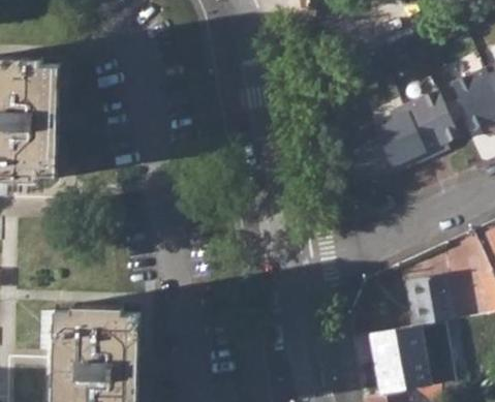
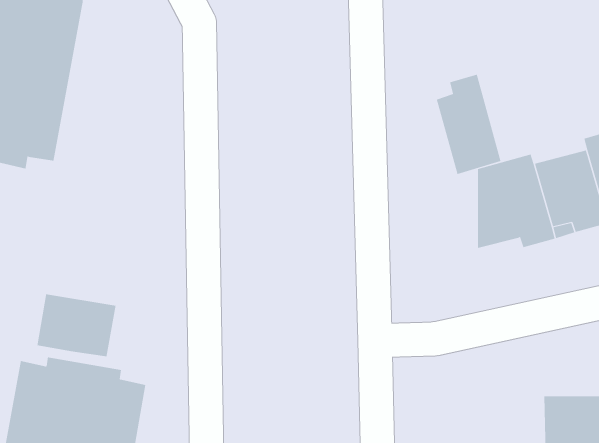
building: none -> [436,74,501,175]
building: none -> [37,293,116,357]

